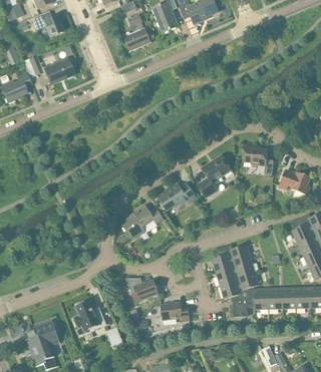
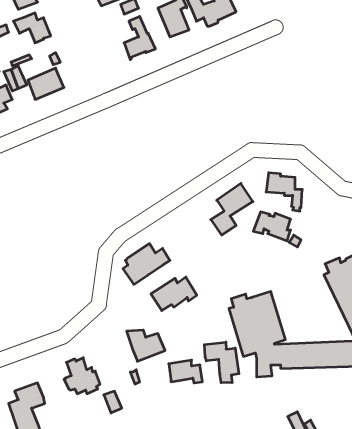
building: [279,170,310,195] -> [253,212,291,241]
building: [157,182,196,211] -> [151,277,197,311]
building: none -> [204,342,239,383]

